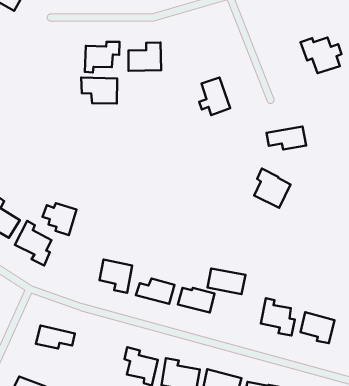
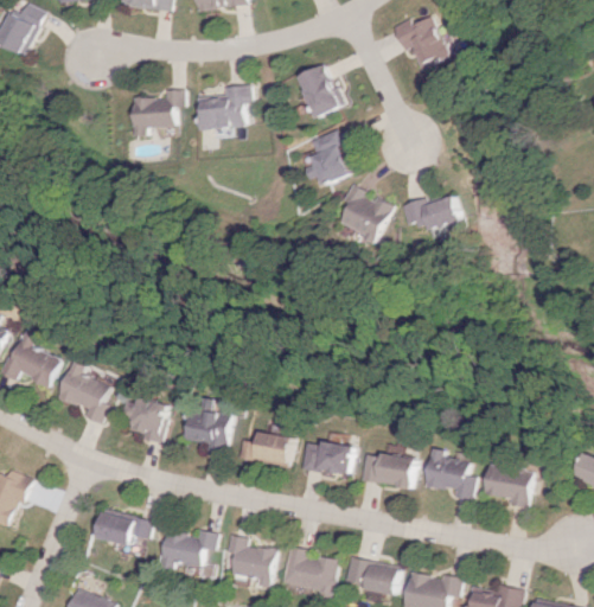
building: none -> [298,64,343,117]
building: [300,38,342,73] -> [391,17,453,70]
building: [81,77,117,103] -> none
building: [254,168,291,208] -> [346,185,398,241]
building: [43,203,76,235] -> [119,397,167,442]
building: [207,268,245,294] -> [358,453,413,487]
building: none -> [160,530,217,569]

